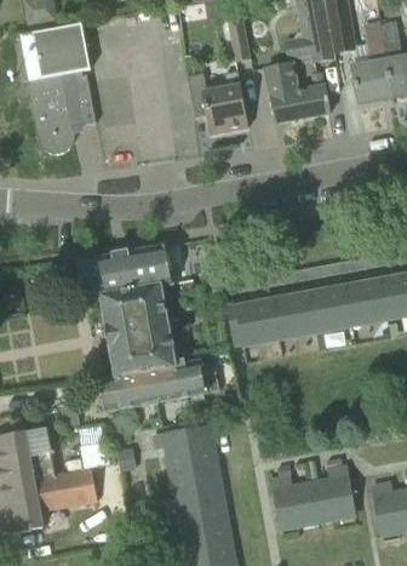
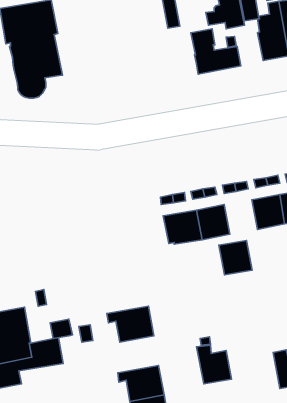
building: [188,70,248,133] -> none
building: [79,245,219,410] -> none
building: [309,286,352,331] -> [219,241,252,275]
building: [167,464,223,513] -> none
building: [311,467,355,521] -> none

